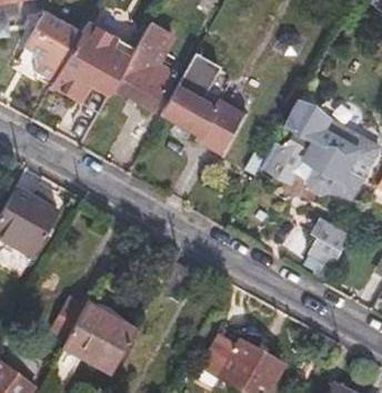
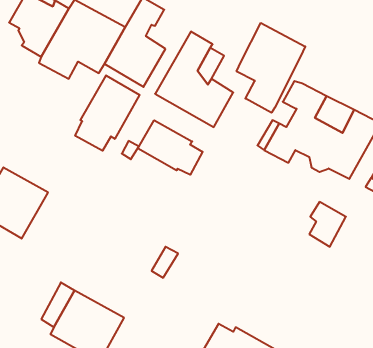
building: none -> [237,23,305,113]
building: none -> [75,75,140,151]
building: none -> [138,120,203,175]

